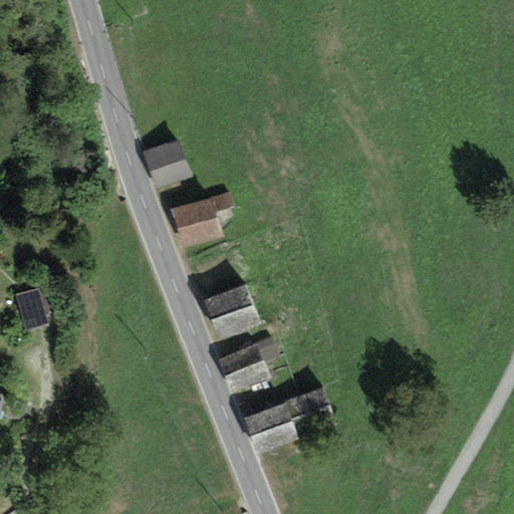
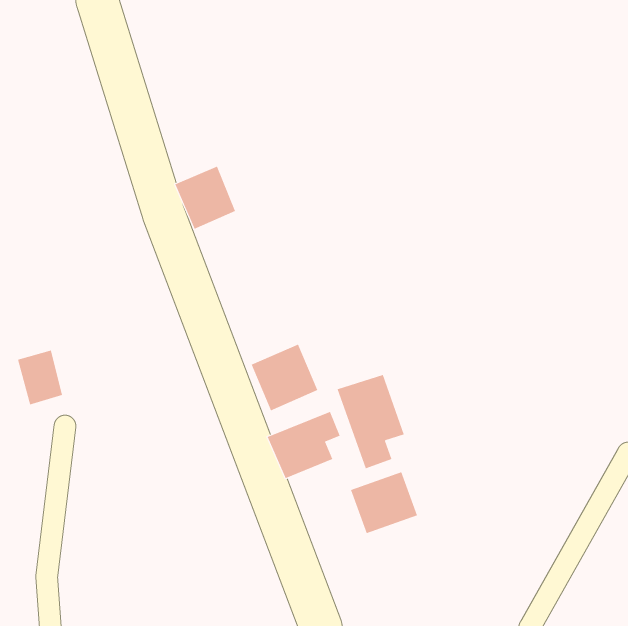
building: [169,187,236,246] -> none
building: none -> [337,374,405,469]
building: [243,402,297,452] -> none

